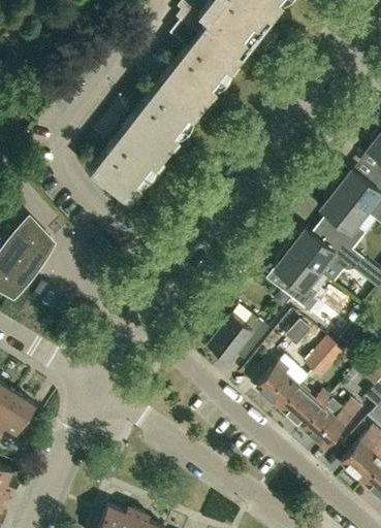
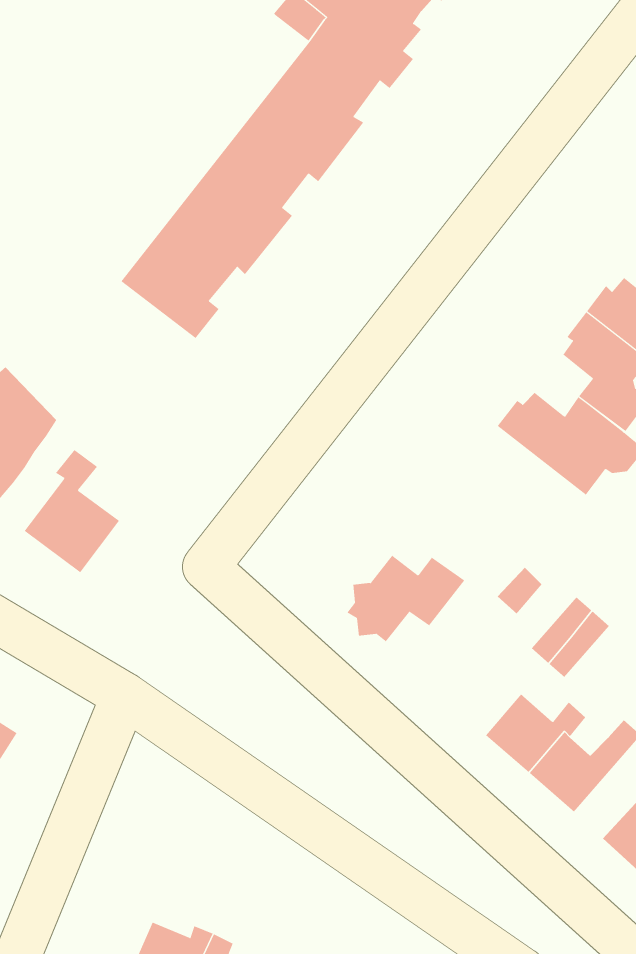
building: [275,246,326,319] -> none
building: none -> [24,449,120,573]
building: [257,355,299,407] -> none

